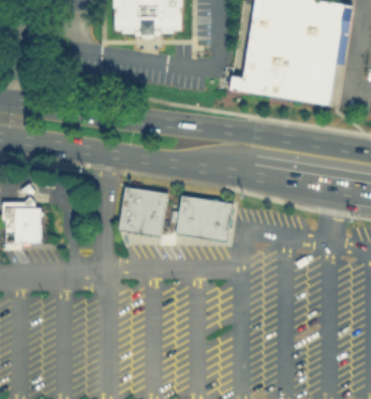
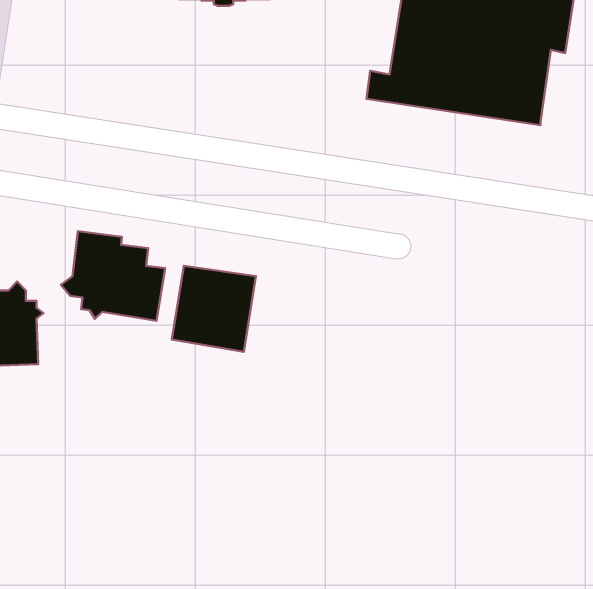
building: none -> [61,231,165,321]
building: [175,194,231,240] -> none

